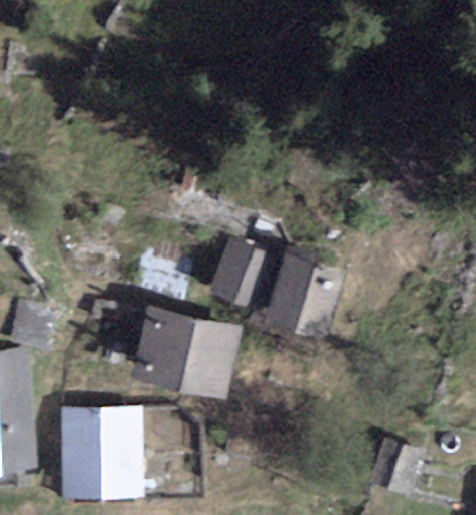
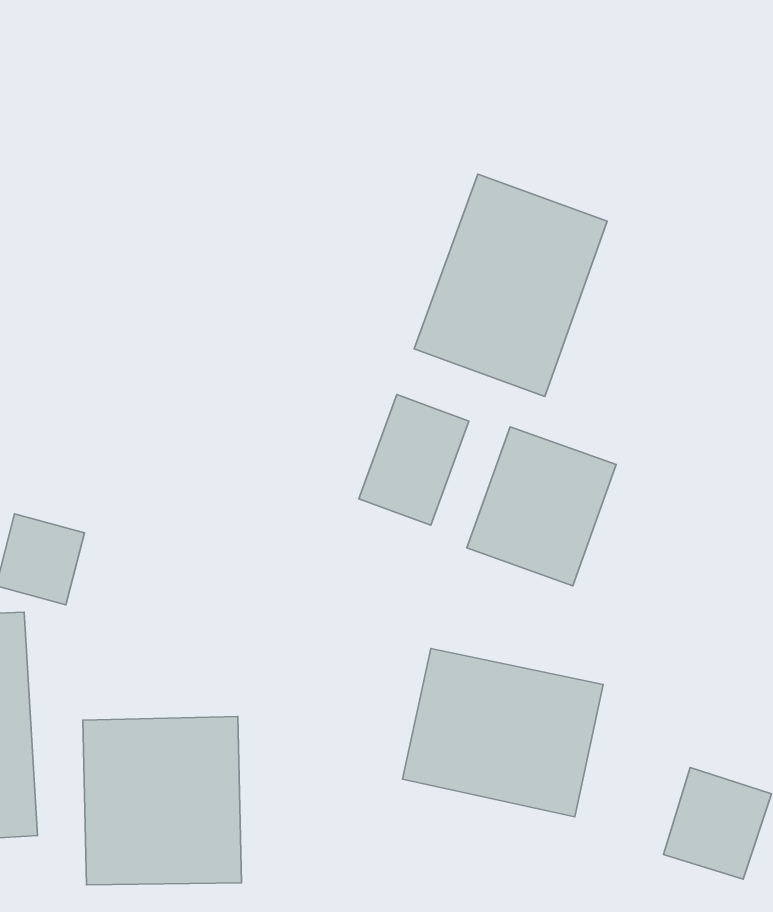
building: none -> [414,174,607,396]
building: [134,308,241,397] -> [403,649,603,817]

